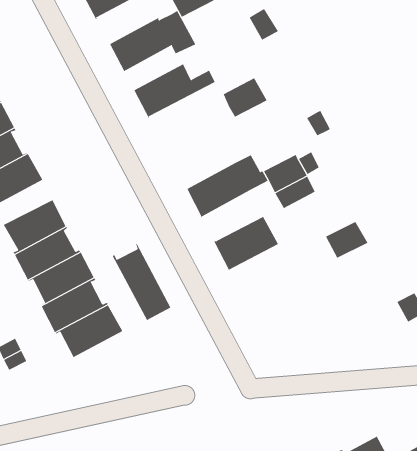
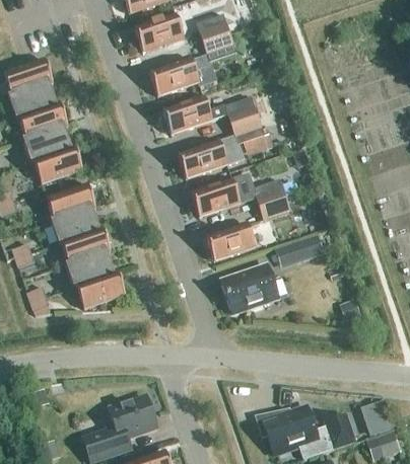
building: none -> [224,95,258,125]
building: none -> [178,136,243,177]
building: [112,243,171,321] -> none
building: none -> [221,265,279,312]

